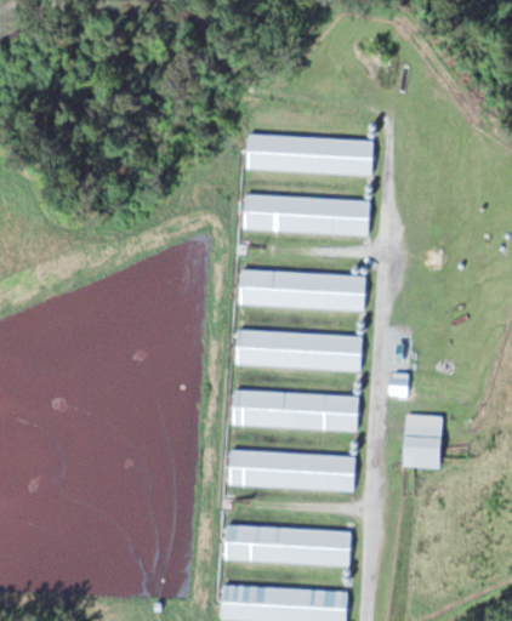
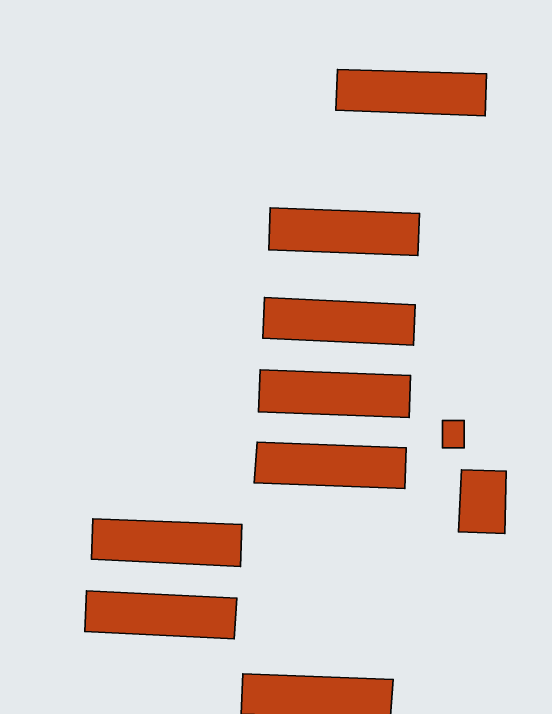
building: [248,136,374,175] -> [336,70,487,116]
building: [229,450,355,490] -> [91,519,242,567]
building: [224,525,352,565] -> [85,591,237,639]

